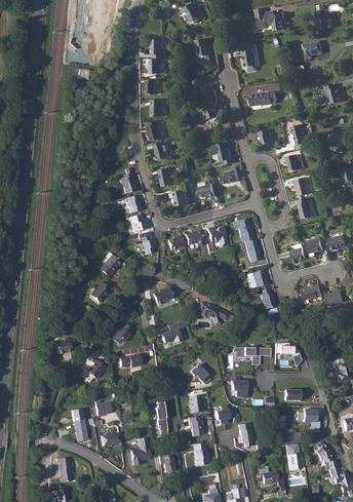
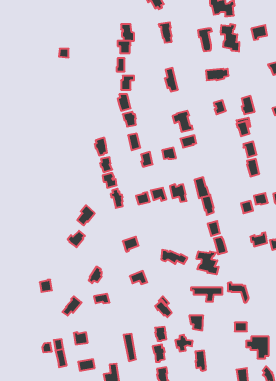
building: none -> [221,24,239,52]
building: none -> [197,251,219,274]

